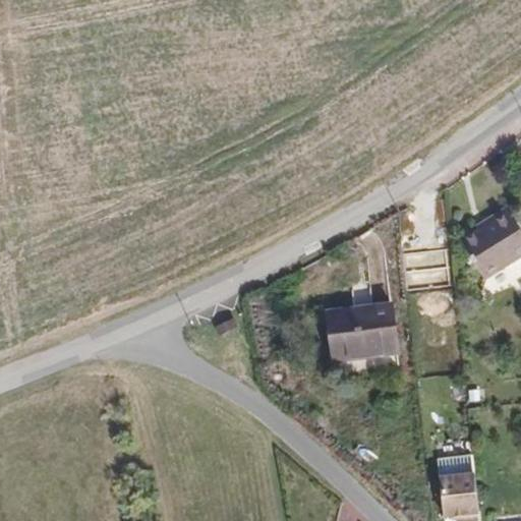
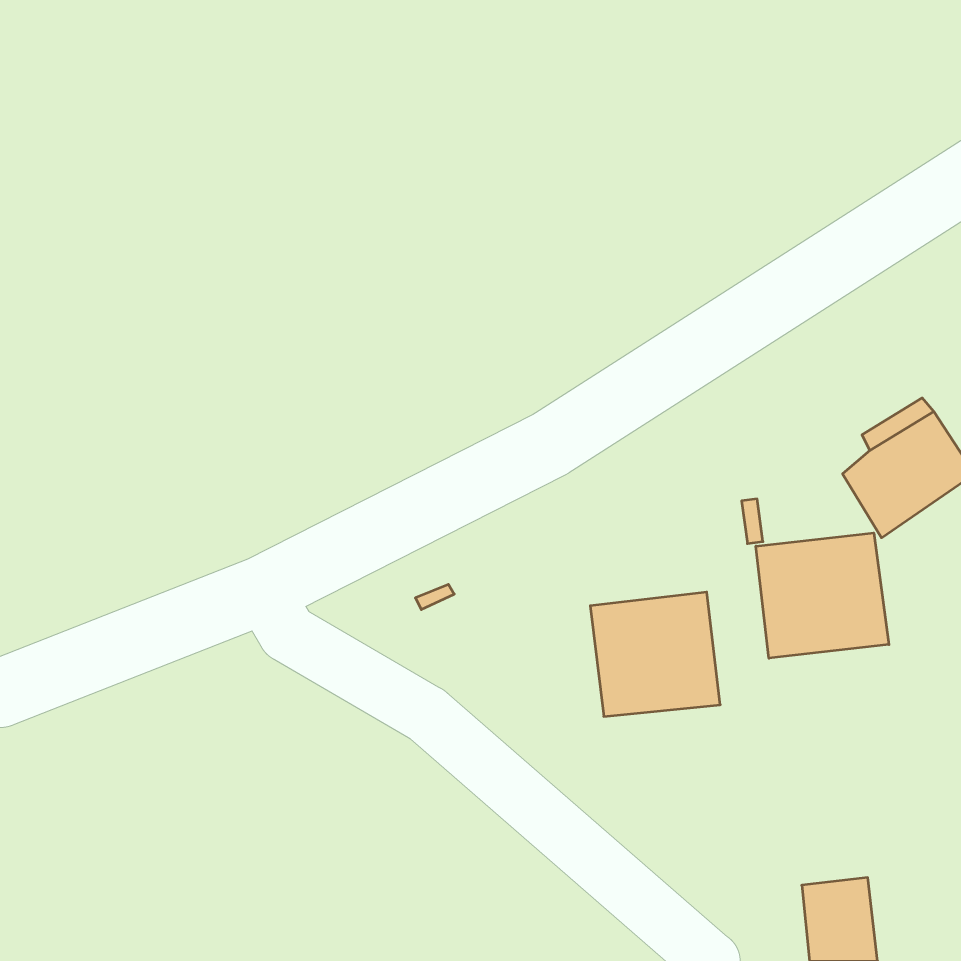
building: none -> [756,533,889,658]

